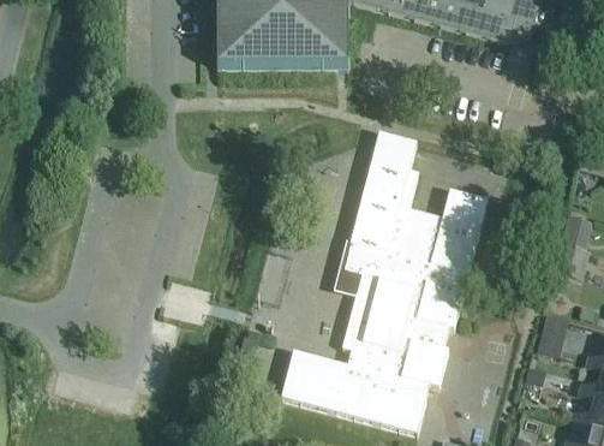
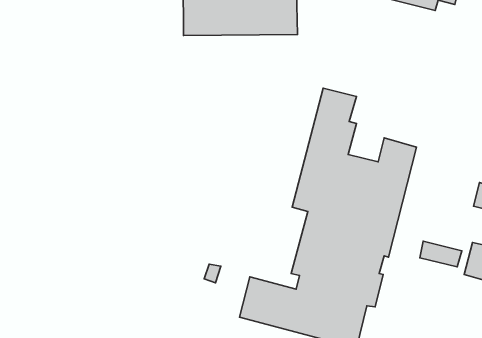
building: none -> [420,241,462,267]

